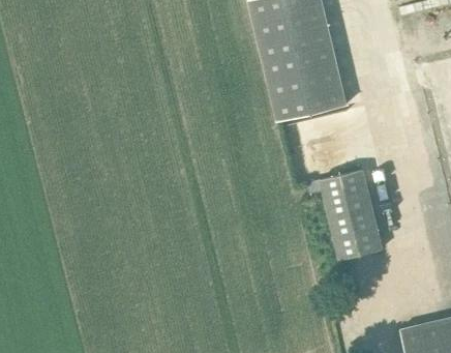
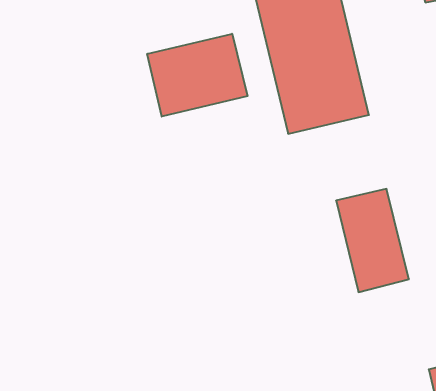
building: none -> [147,34,248,117]

